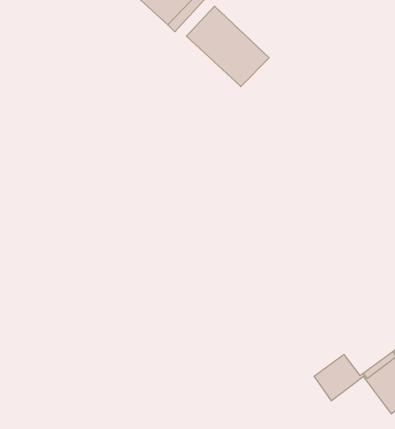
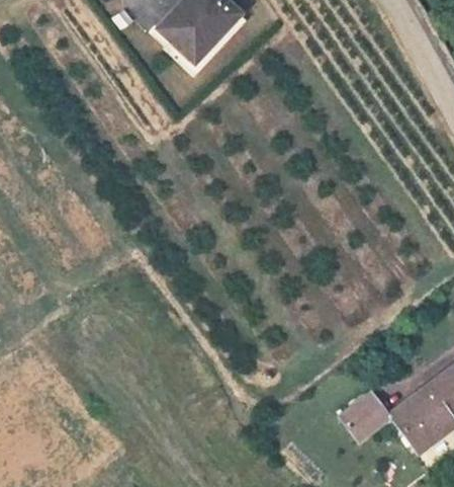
building: [186,6,269,87] -> none

